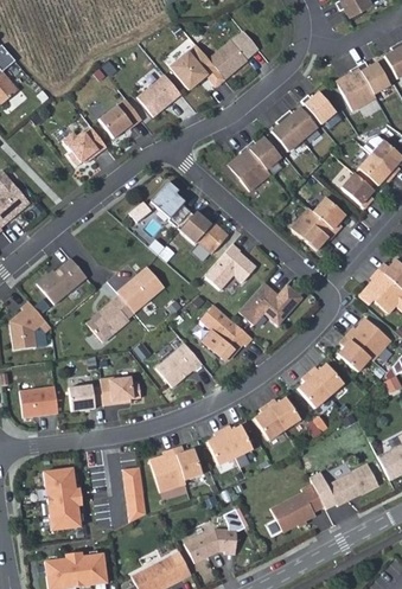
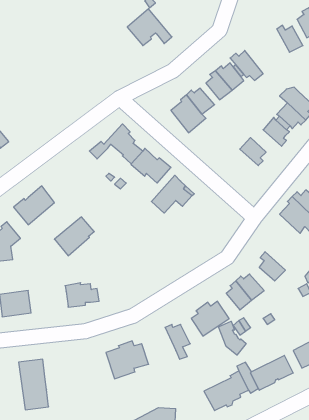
building: [213,36,253,73] -> none
building: [336,64,376,109] -> none
building: [138,72,181,115] -> none
building: [98,97,142,137] -> none
building: [63,126,107,165] -> none
building: [292,206,336,250] -> none
building: [117,265,165,310] -> none
building: [240,281,304,325] -> none
building: [200,303,253,358] -> none
building: [344,319,389,361] -> none
building: [155,342,203,386] -> none
building: [69,384,103,410] -> none
building: none -> [218,321,246,355]
building: [206,429,235,465] -> none
building: [122,466,146,521] -> none

